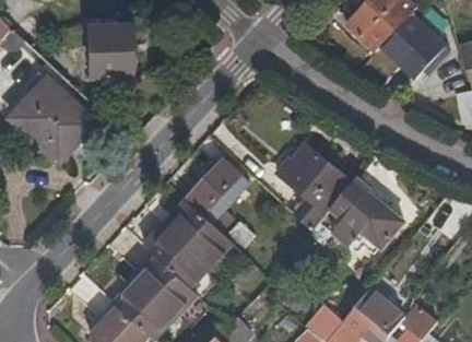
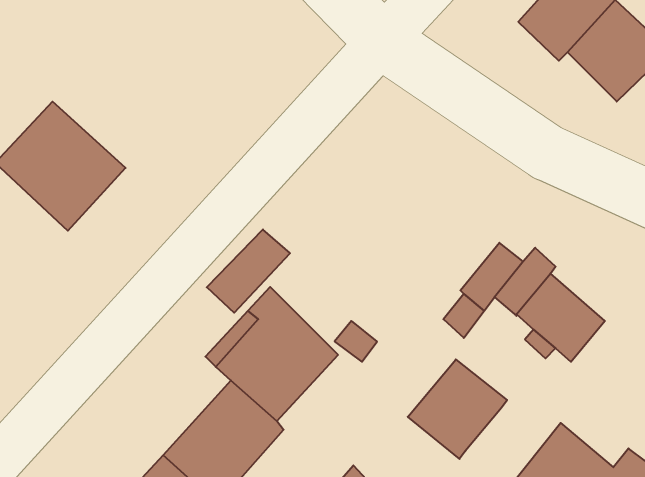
building: [86,17,129,72] -> none
building: [282,142,334,199] -> none
building: [191,157,245,211] -> [207,229,290,313]
building: none -> [408,359,507,459]

